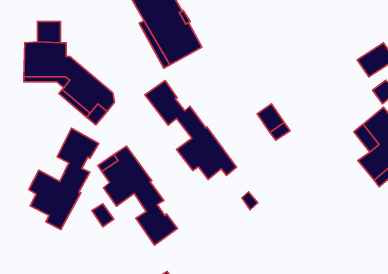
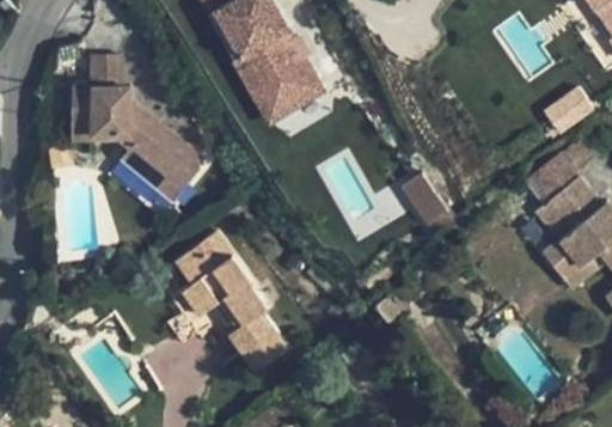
building: [145,80,237,179] -> none
building: none -> [525,153,579,206]
building: [29,128,99,229] -> none

